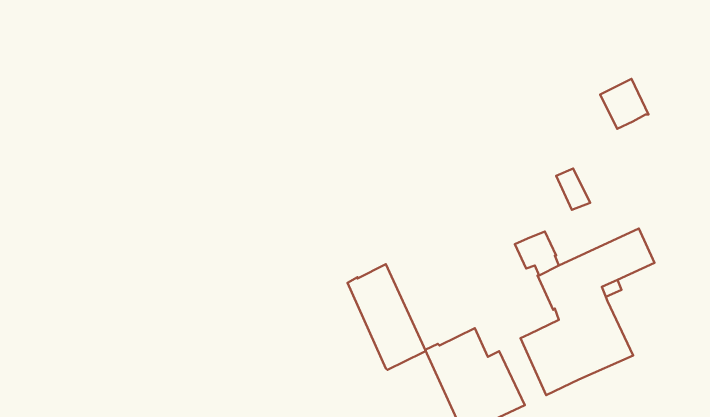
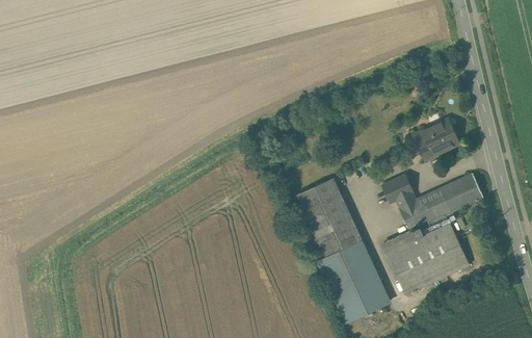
building: [600,79,648,129] -> [426,116,461,153]
building: [347,264,426,370] -> [299,180,356,257]

